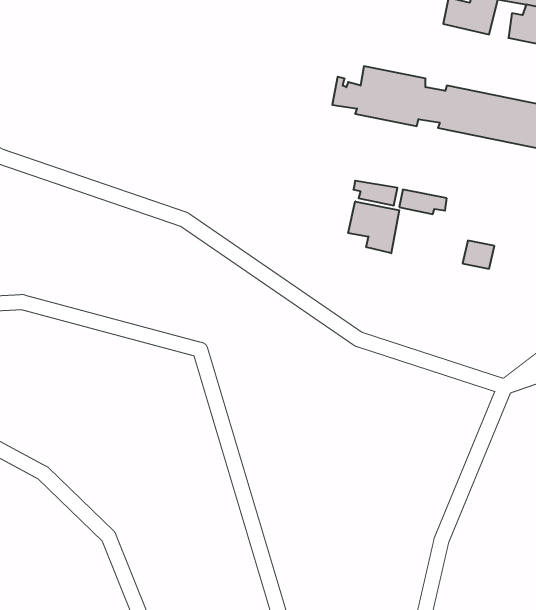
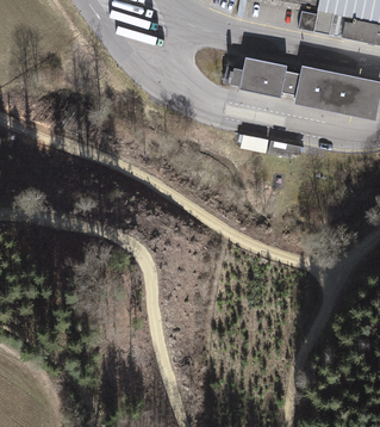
building: [348,201,399,253] -> none

